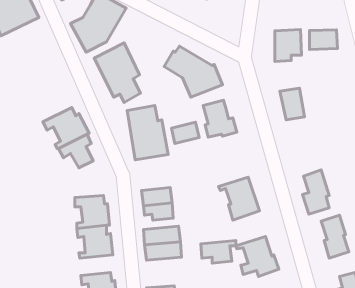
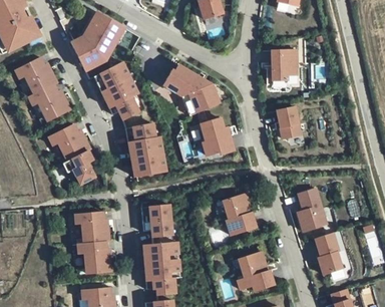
building: [309,30,337,50] -> none
building: none -> [14,56,70,125]
building: [171,122,199,143] -> none
building: [201,241,236,263] -> [145,272,179,294]

